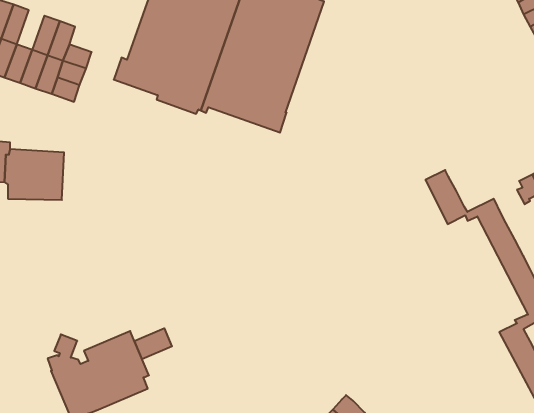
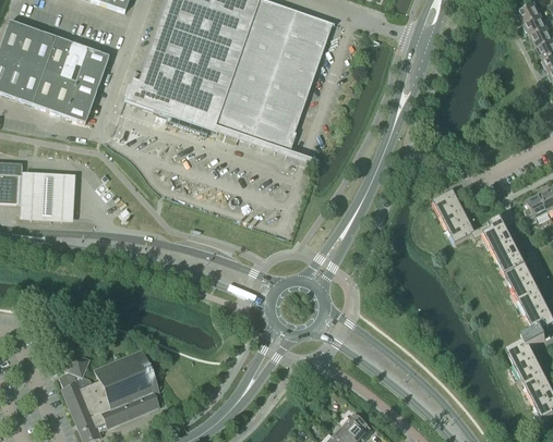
building: none -> [28,30,56,70]
building: none -> [81,47,108,72]
building: [134,328,172,359] -> none

